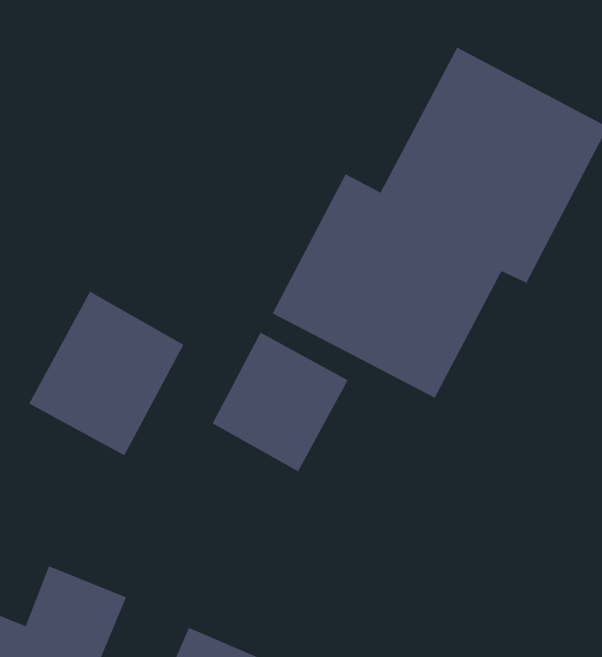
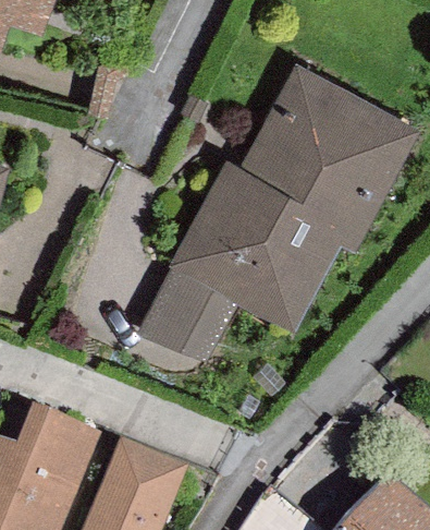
building: [28,291,184,456] -> none

